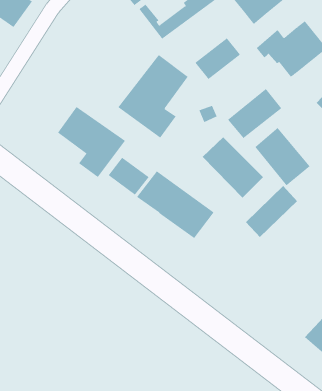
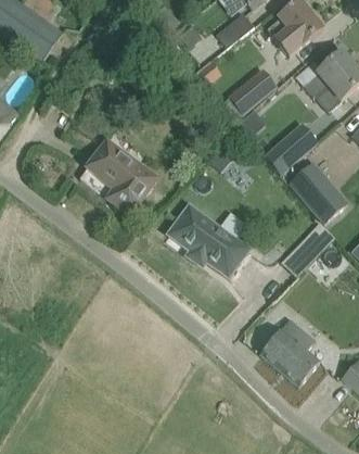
building: [117,54,189,139] -> none
building: [202,136,264,199] -> none
building: [108,157,149,196] -> none
building: none -> [260,317,320,386]

